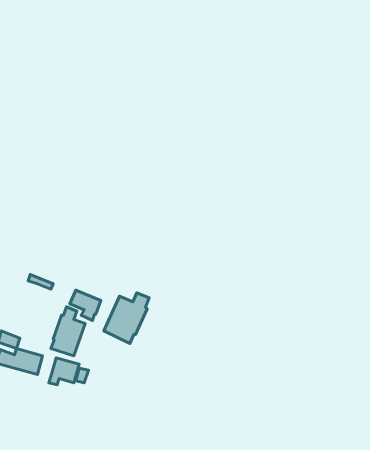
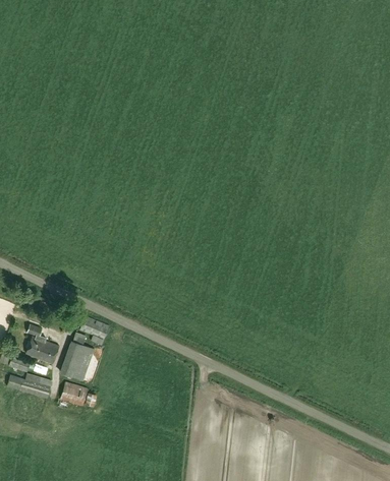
building: [104,293,149,344] -> none
building: none -> [25,324,59,364]

